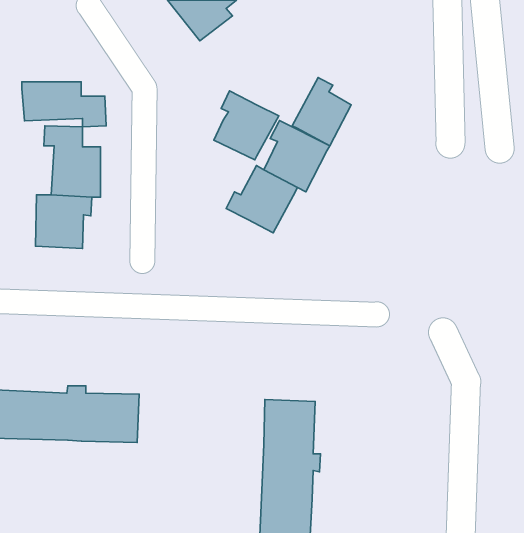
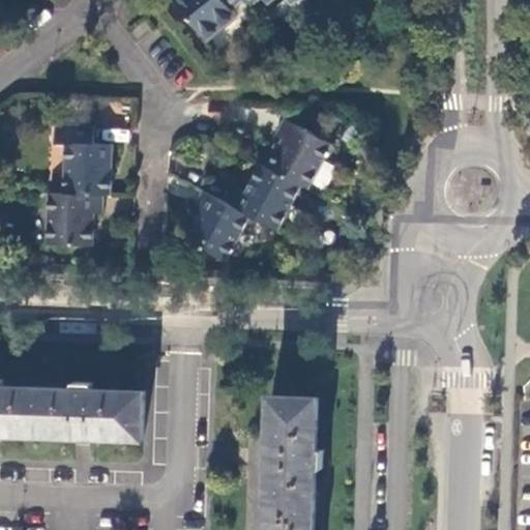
building: [292,78,351,146] -> none
building: [22,82,106,127] -> none
building: [214,91,279,160] -> [186,193,251,261]

